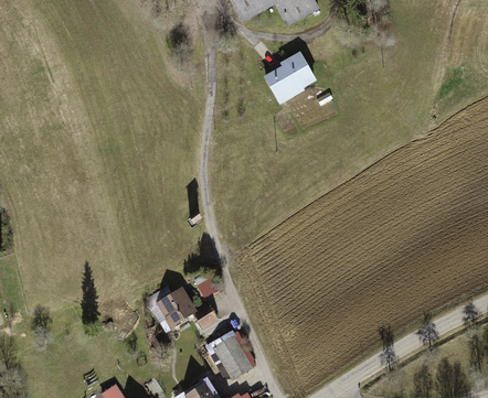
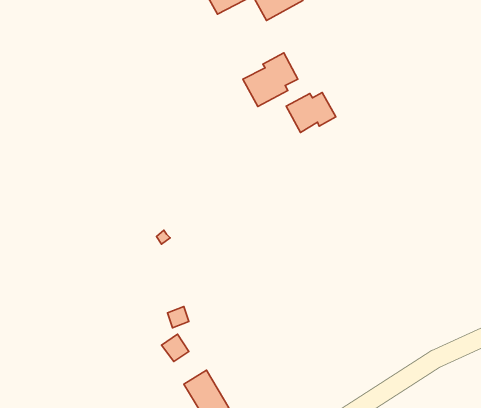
building: none -> [286,92,336,132]
building: [158,288,193,323] -> none

